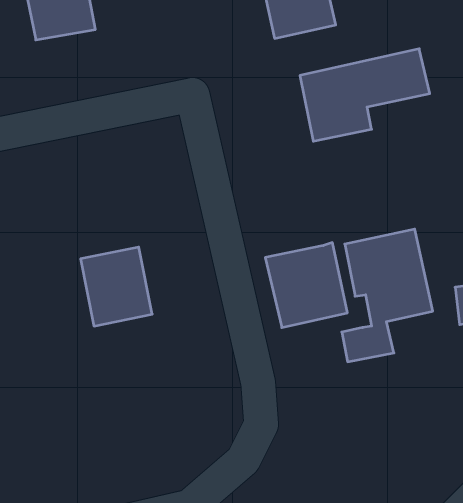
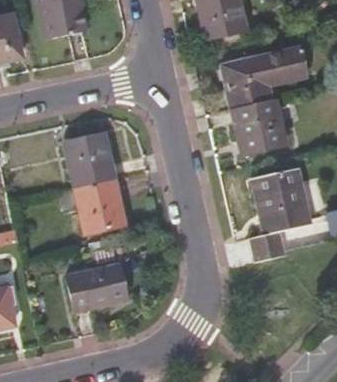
building: none -> [66,132,115,187]
building: [265,243,347,328] -> [232,98,287,155]
building: none -> [68,265,126,311]

